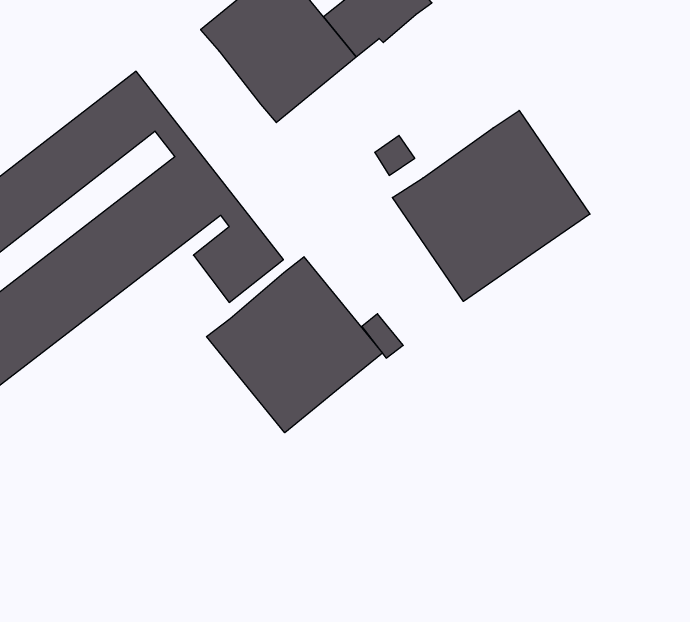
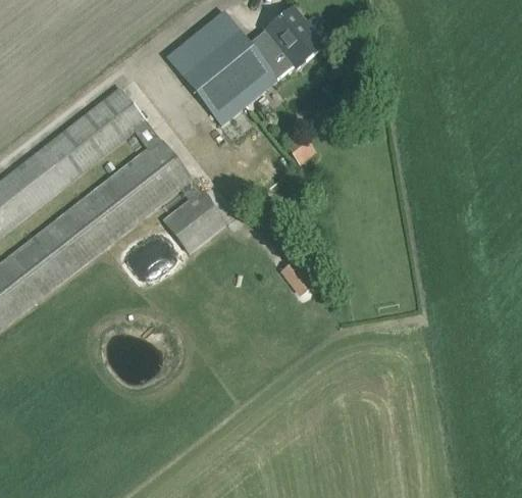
building: [392,110,590,301] -> none
building: [207,257,382,433] -> none

